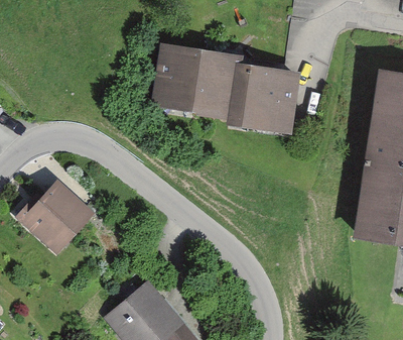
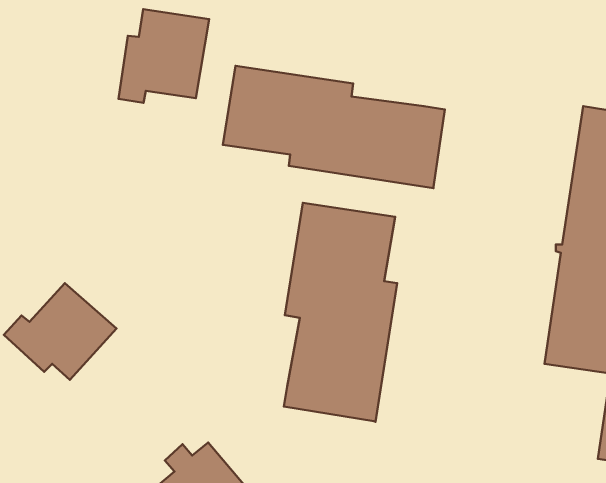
building: none -> [119,9,209,103]
building: none -> [284,203,397,422]

